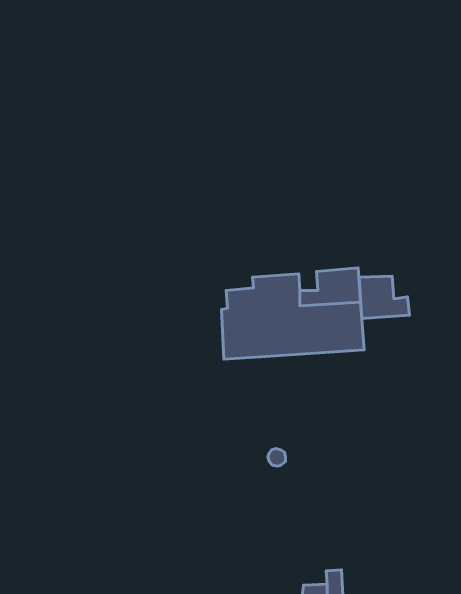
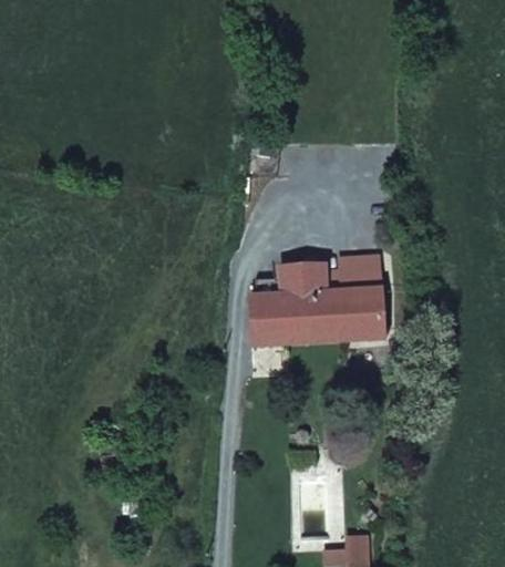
building: [359,276,410,318] -> none

